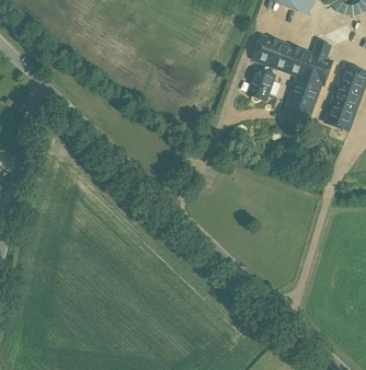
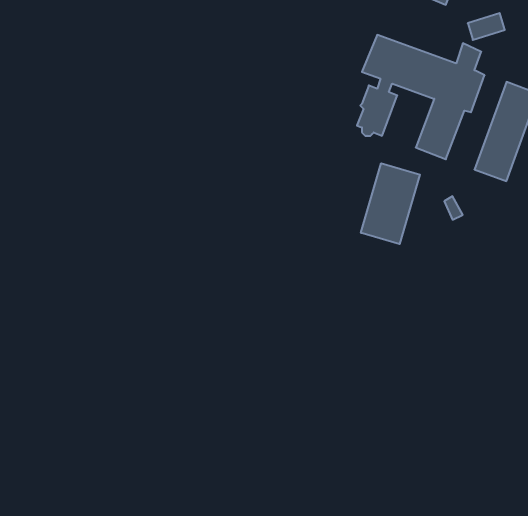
building: none -> [361,163,420,244]

